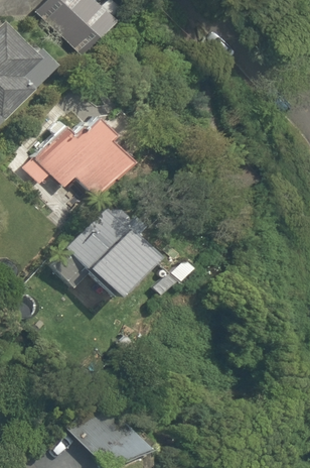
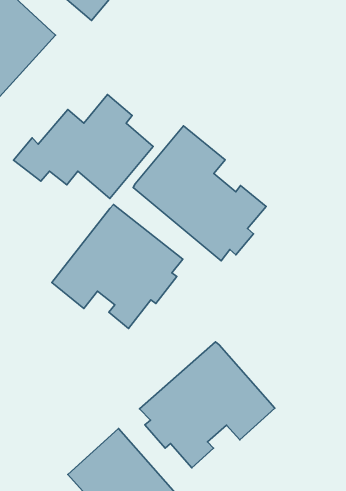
building: none -> [133,126,266,261]
building: none -> [140,342,275,468]

